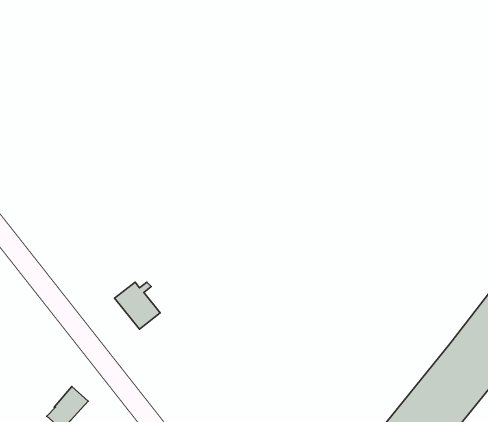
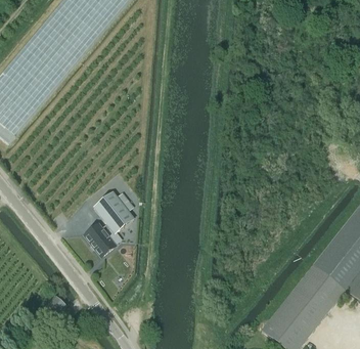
building: none -> [93,188,133,230]

